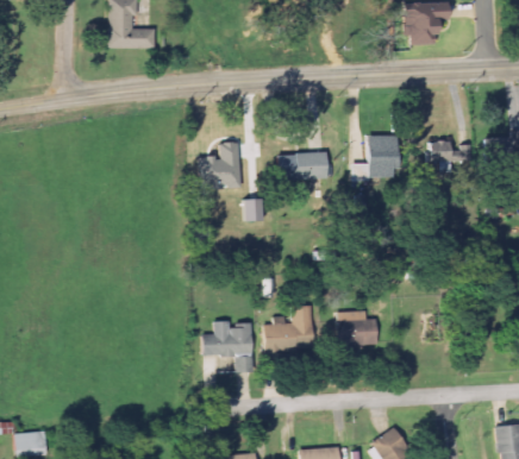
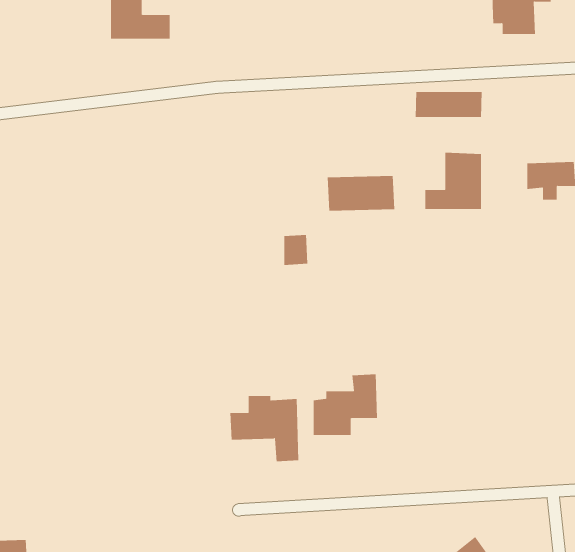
building: none -> [415,91,482,118]
building: [199,142,240,188] -> none
building: [338,310,379,346] -> none

